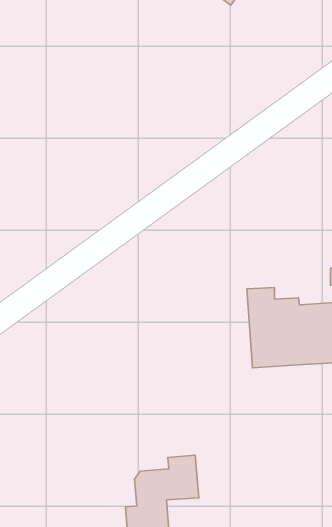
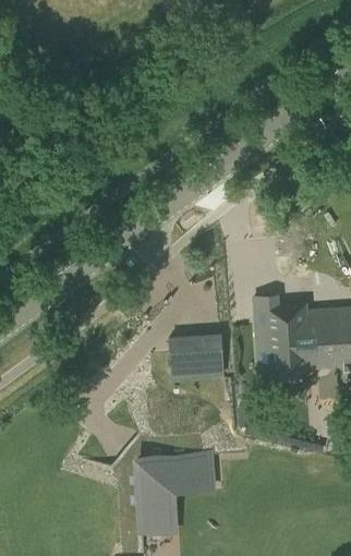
building: none -> [170,334,222,376]

